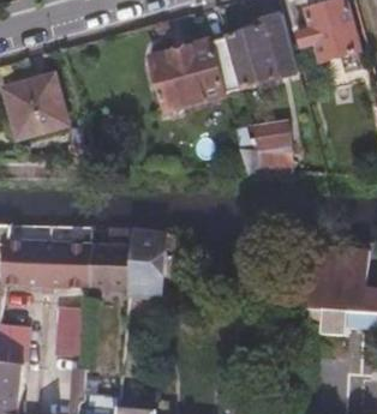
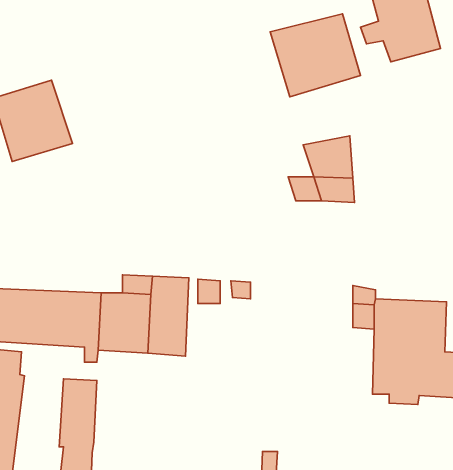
building: [150,36,240,110] -> none

